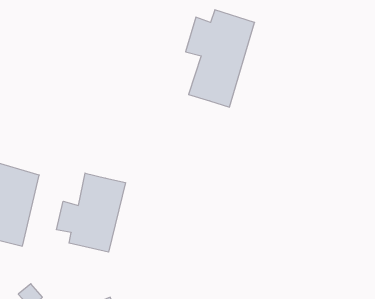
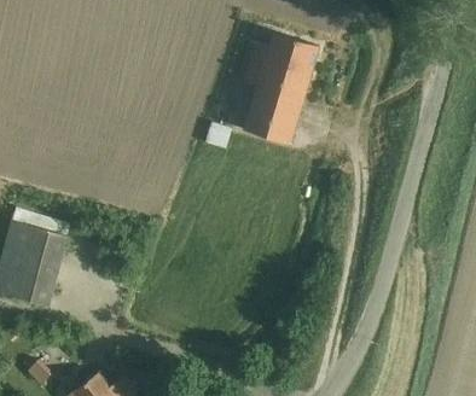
building: [57,173,125,252] -> none

